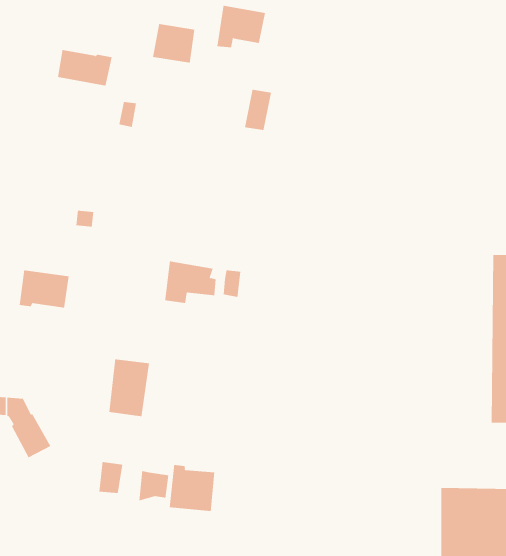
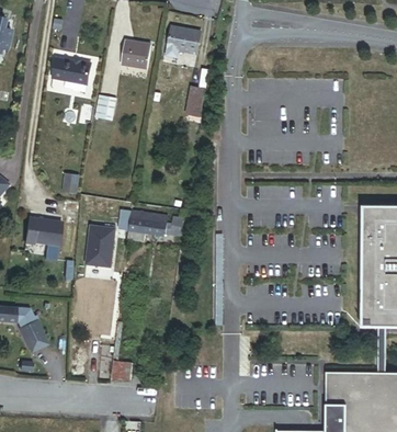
building: [108,359,150,417] -> [84,225,114,266]
building: [169,464,215,512] -> none

